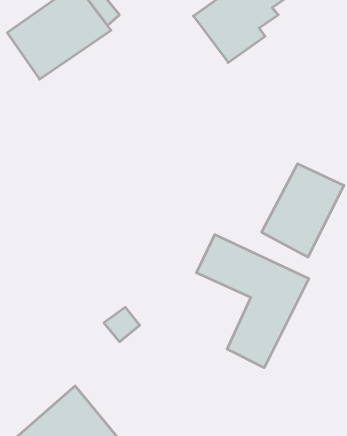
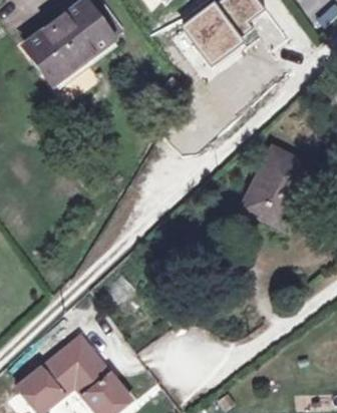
building: [196,235,309,368] -> none

